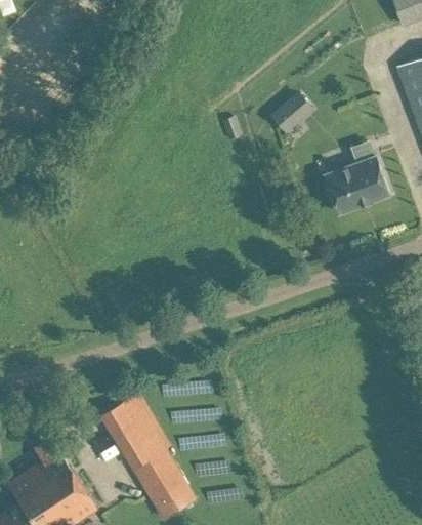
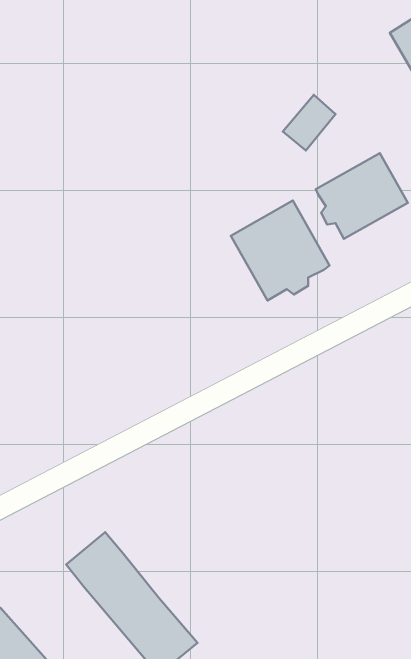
building: [272,93,312,132] -> [283,95,336,150]
building: none -> [231,201,330,301]

